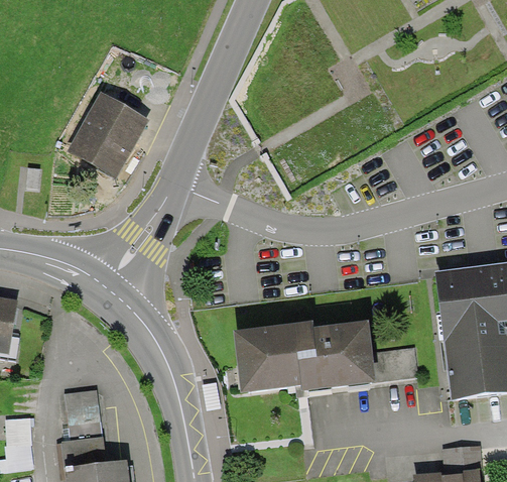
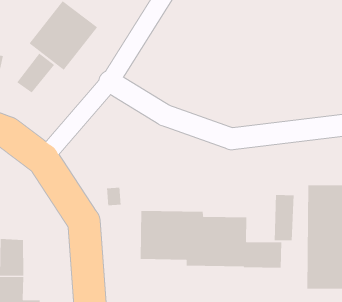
building: none -> [16,52,55,94]
building: none -> [274,194,294,241]

